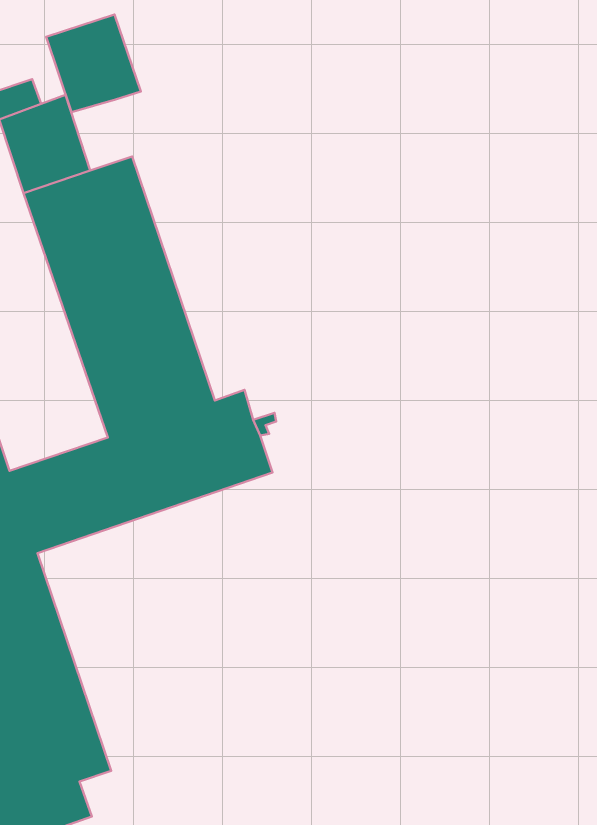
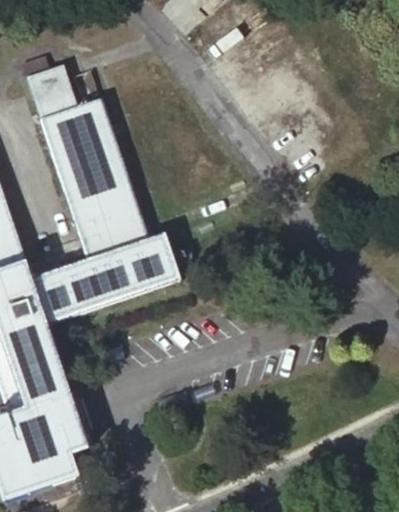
building: [46,15,141,112] -> none

